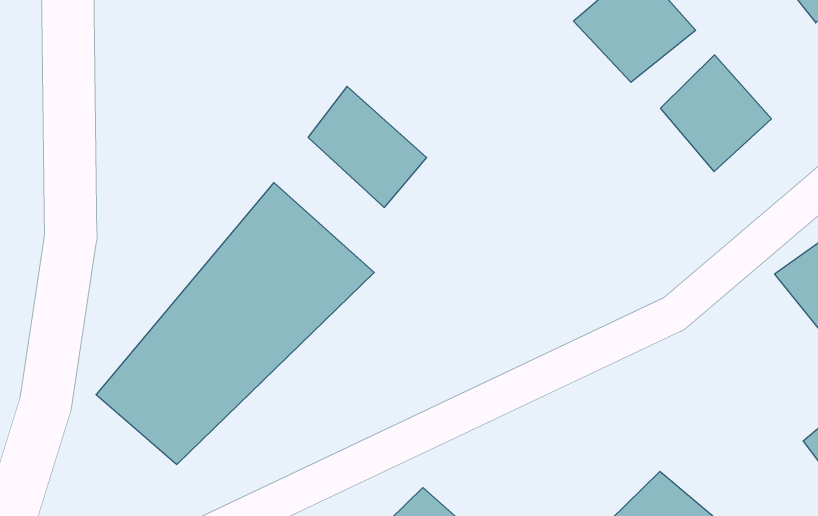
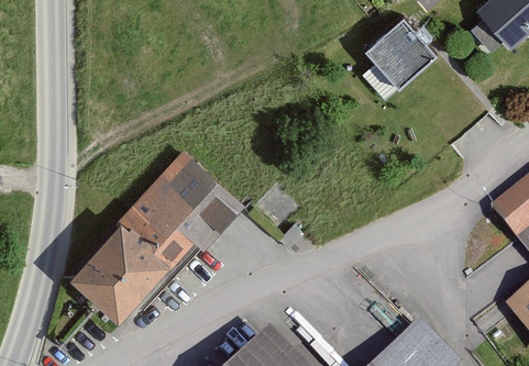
building: [661,55,771,172] -> none
building: [308,86,427,208] -> none

